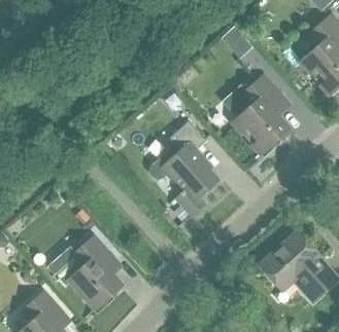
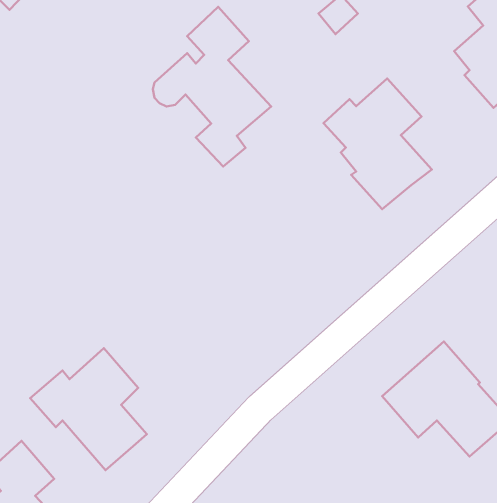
building: [149,119,221,215] -> [153,7,271,167]

